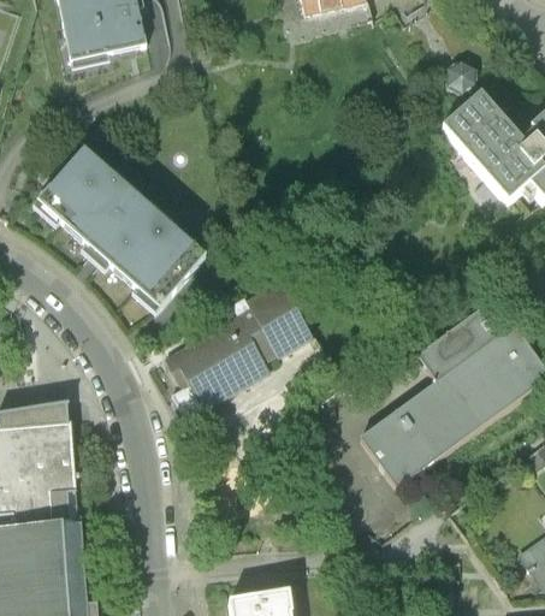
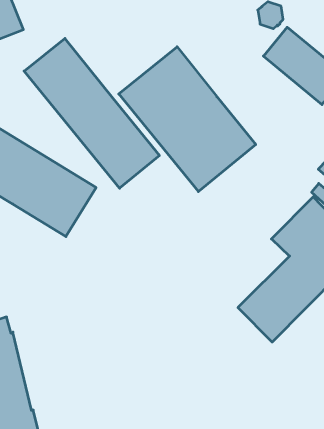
building: none -> [24,38,159,188]
building: none -> [119,47,256,192]
building: [165,280,310,409] -> none

